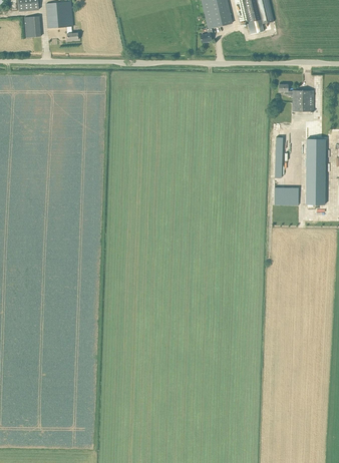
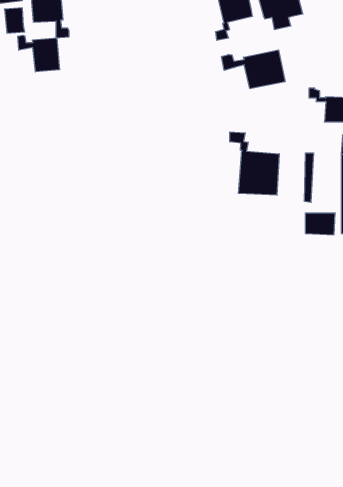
building: none -> [18,35,60,72]
building: none -> [222,50,285,89]
building: none -> [230,132,279,195]

